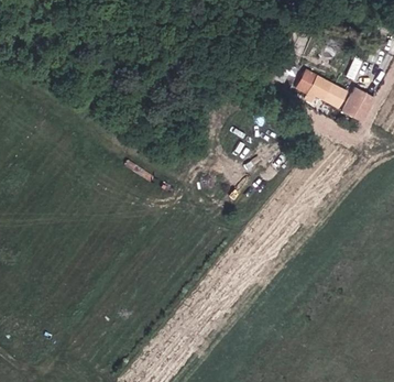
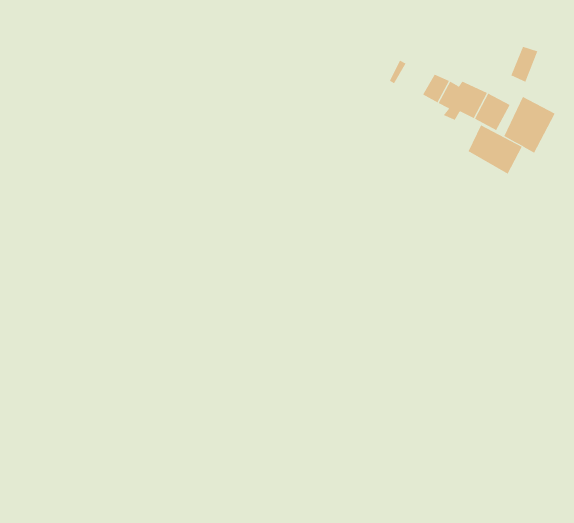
building: none -> [468,125,522,174]

